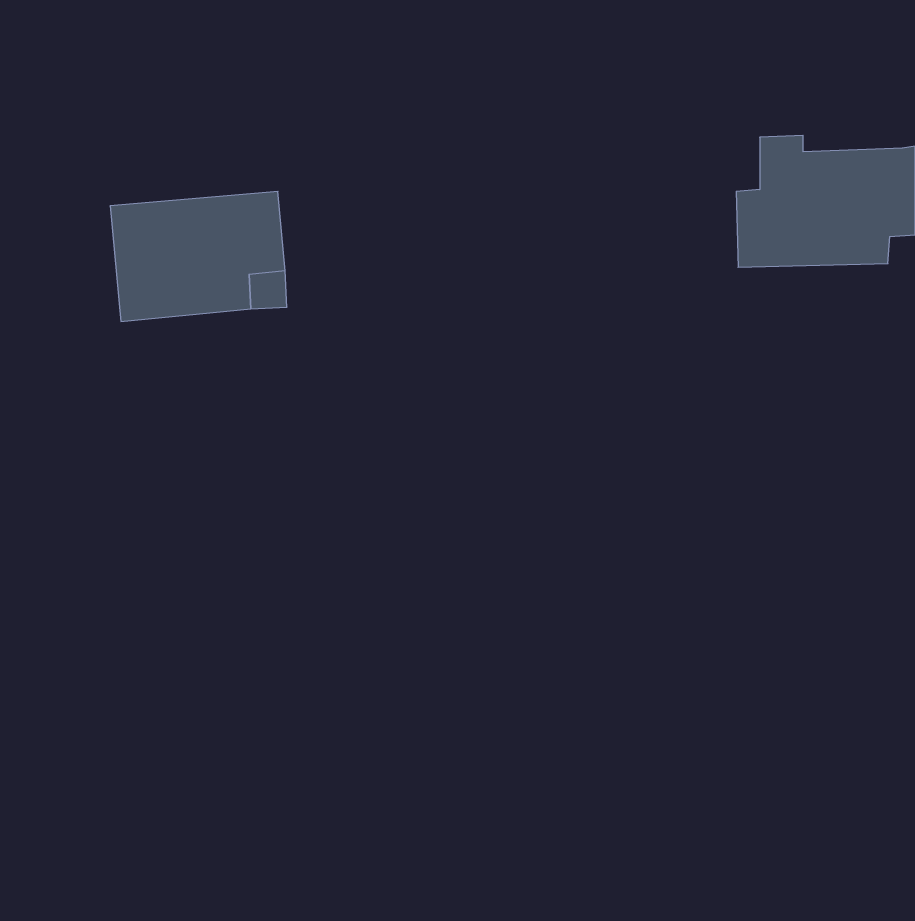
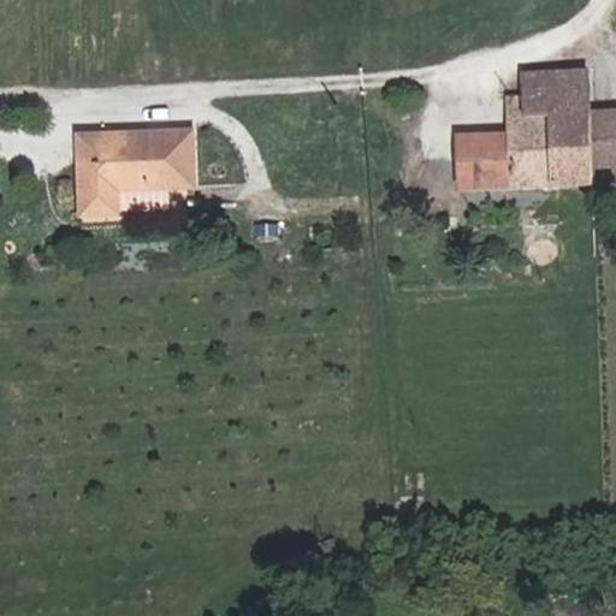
building: none -> [533,67,602,102]
building: none -> [457,129,492,180]

